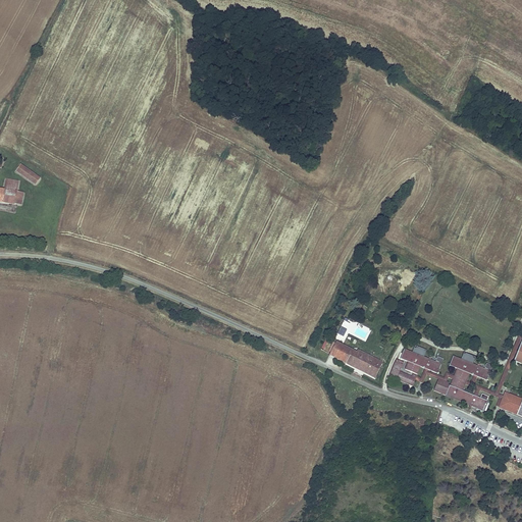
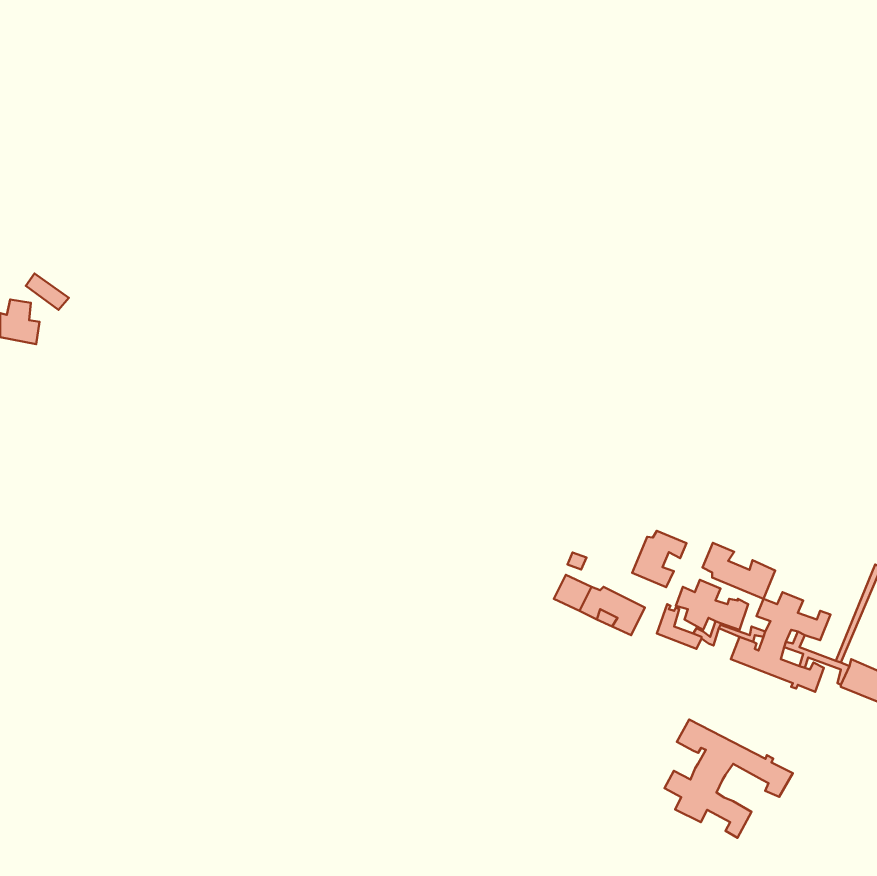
building: none -> [632,531,686,587]
building: none -> [702,543,775,599]
building: none -> [664,720,793,838]

